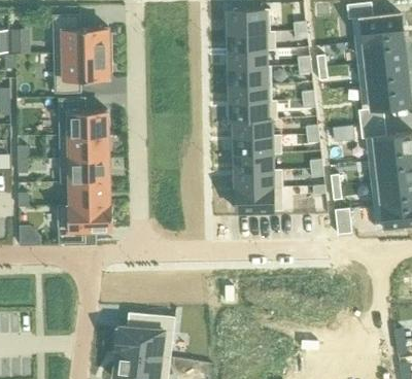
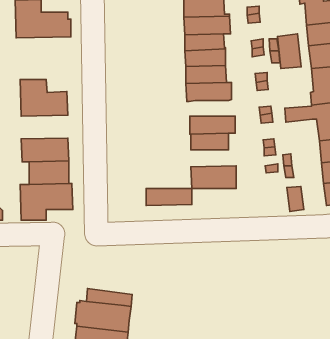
building: none -> [277,34,301,69]
building: [54,53,111,93] -> none
building: [233,118,274,135] -> none
building: [59,134,107,159] -> none
building: [235,170,282,187] -> [146,189,192,205]

